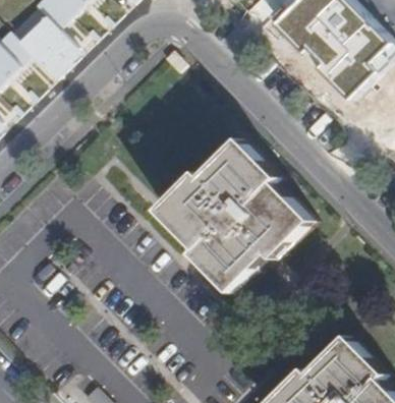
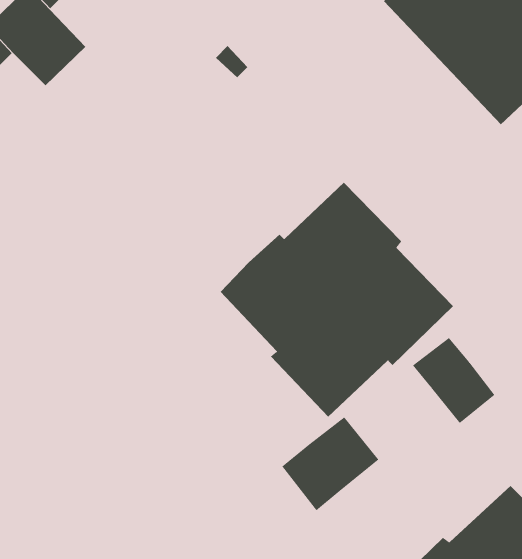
building: none -> [412,337,495,424]
building: none -> [282,416,379,511]

